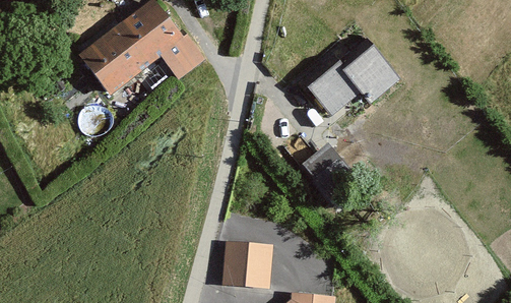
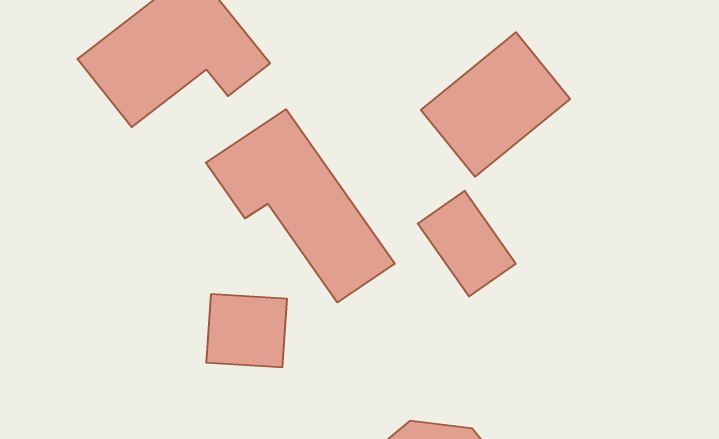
building: none -> [206,109,395,302]
building: [221,239,274,287] -> [206,294,287,367]

